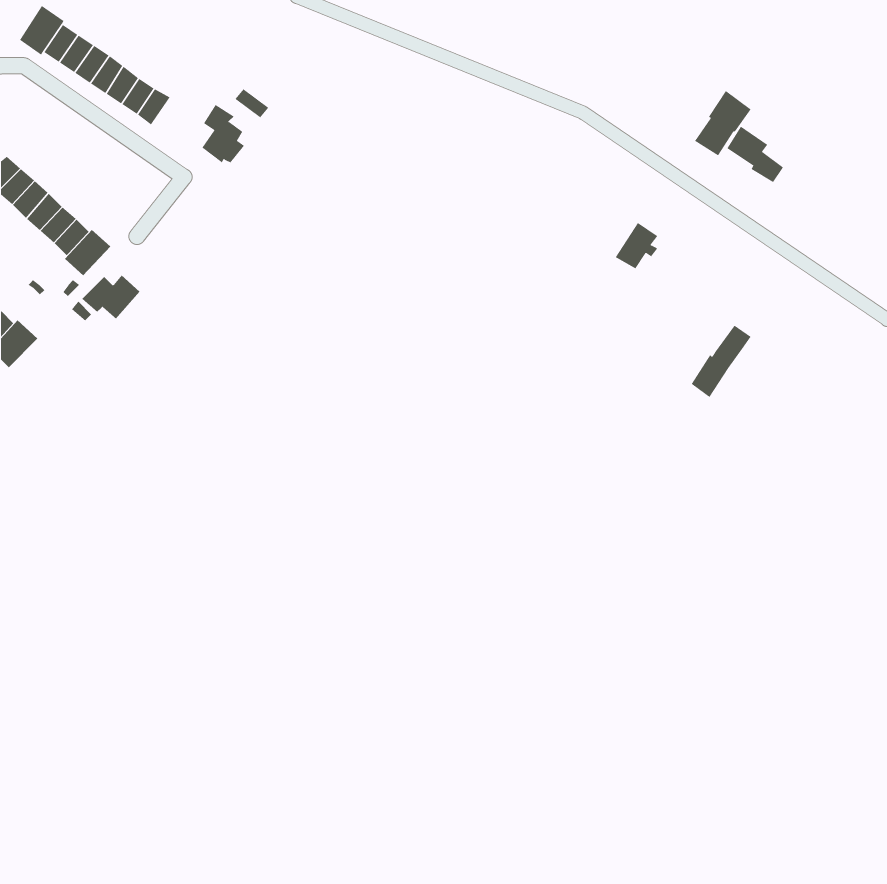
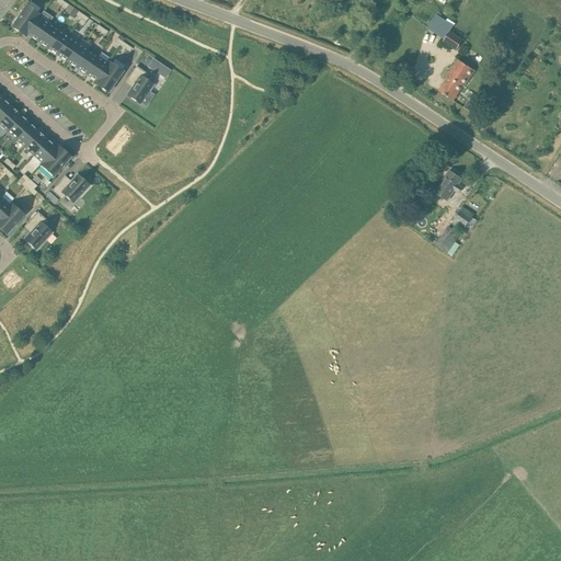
building: none -> [94,60,123,91]
building: [727,126,784,183] -> [427,12,463,48]
building: [615,222,658,269] -> [435,169,462,198]
building: none -> [24,211,51,249]

